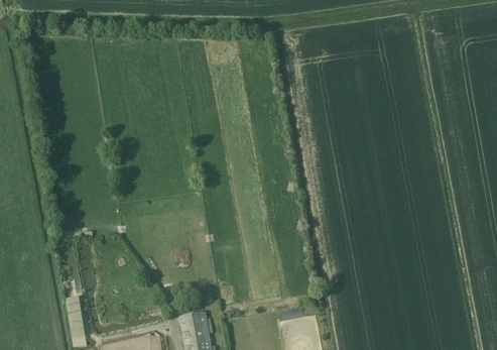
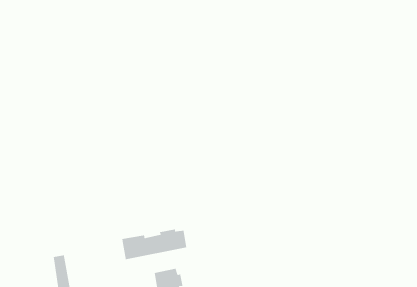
building: none -> [122,229,187,260]

